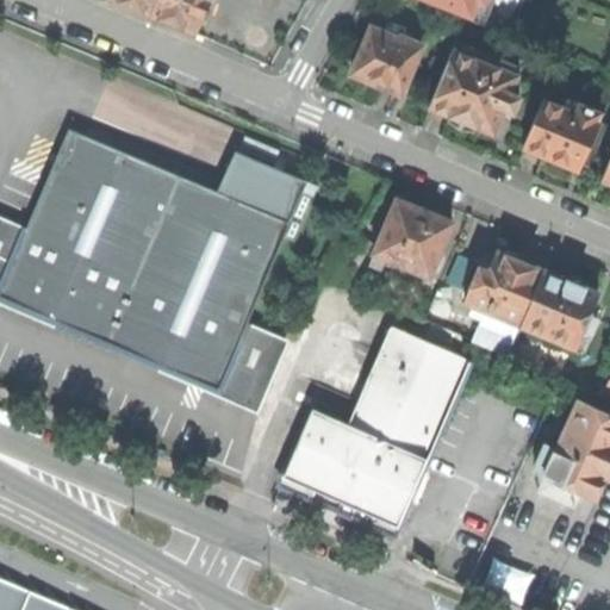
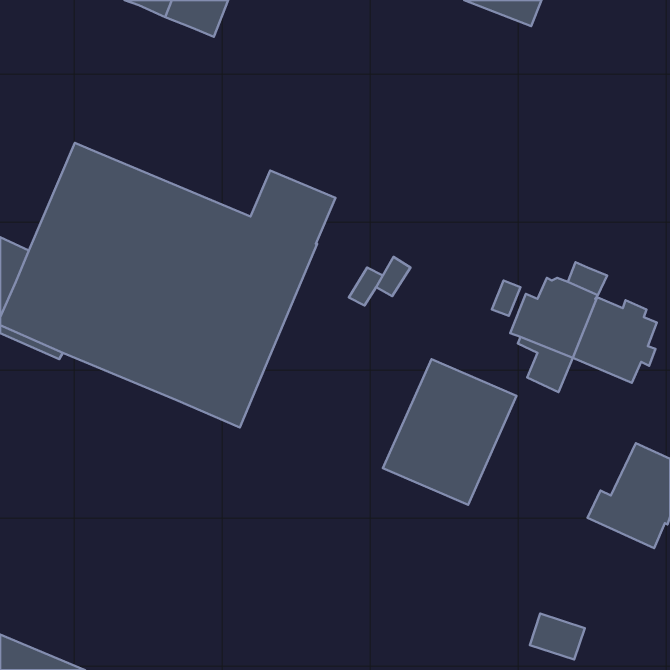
building: [351,27,421,94] -> none
building: [428,49,518,133] -> none
building: [523,98,604,169] -> none
building: [369,199,452,275] -> none
building: [156,323,288,413] -> none
building: [284,410,425,525] -> none

